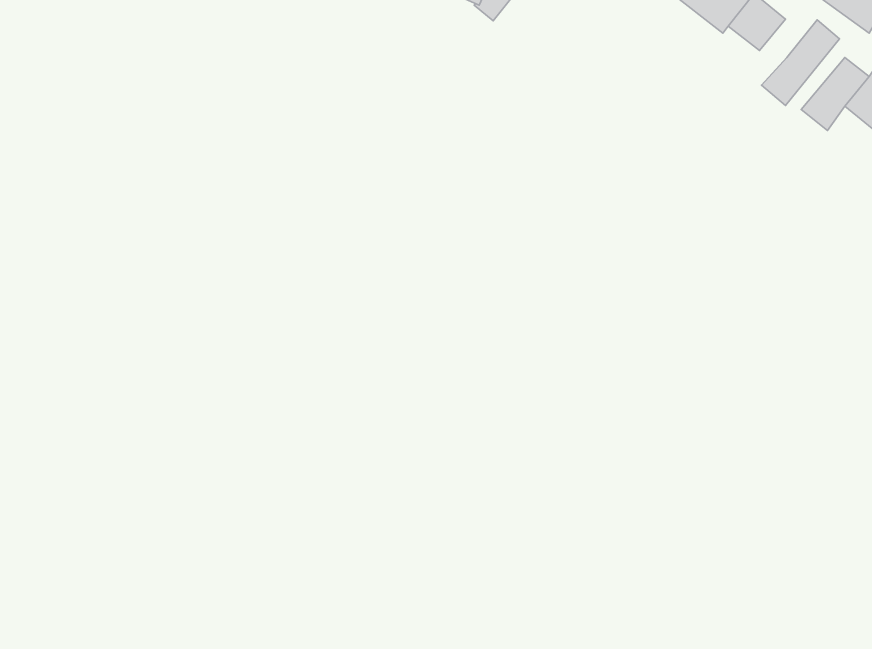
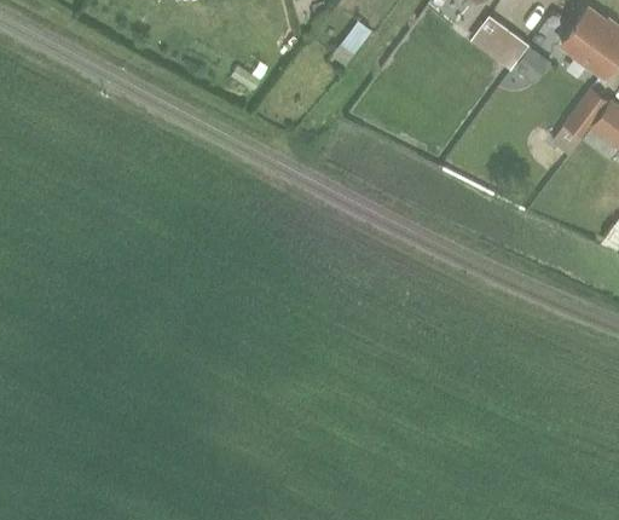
building: [762,20,839,105] -> none

